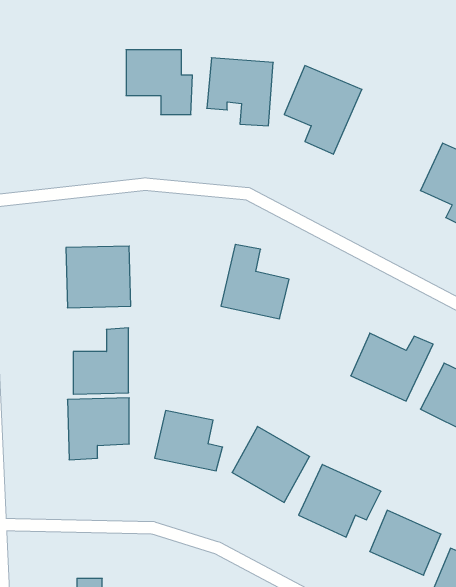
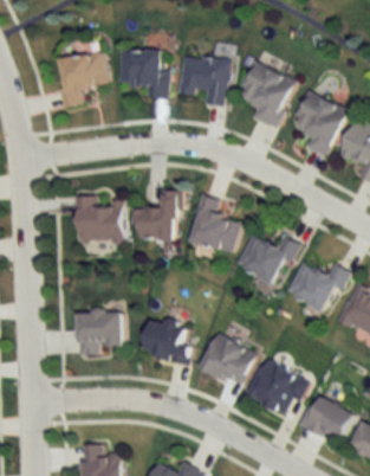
building: none -> [56,52,105,107]
building: none -> [291,91,348,156]
building: none -> [236,236,296,284]
building: [73,328,129,394] -> [135,189,176,239]

